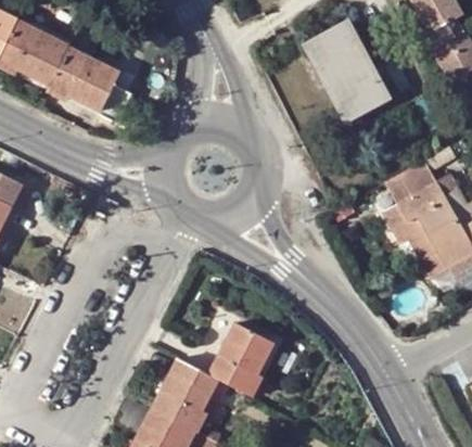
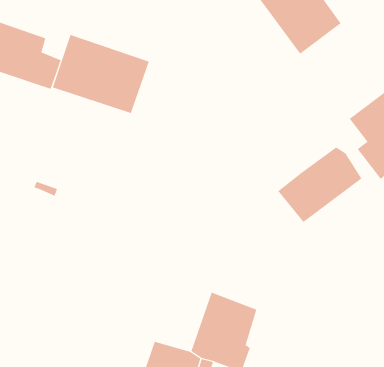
building: none -> [52,34,149,114]
building: none -> [278,147,362,223]

